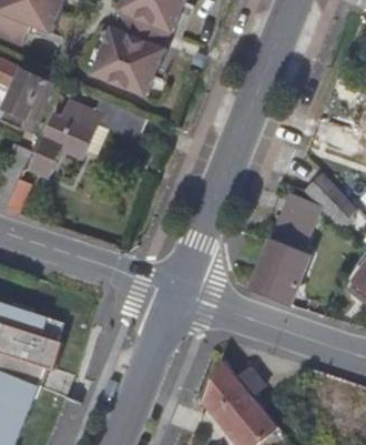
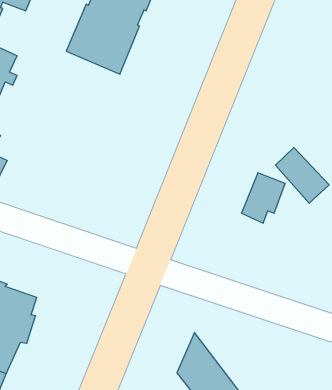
building: [29,98,142,176] -> none
building: [247,239,296,303] -> none

